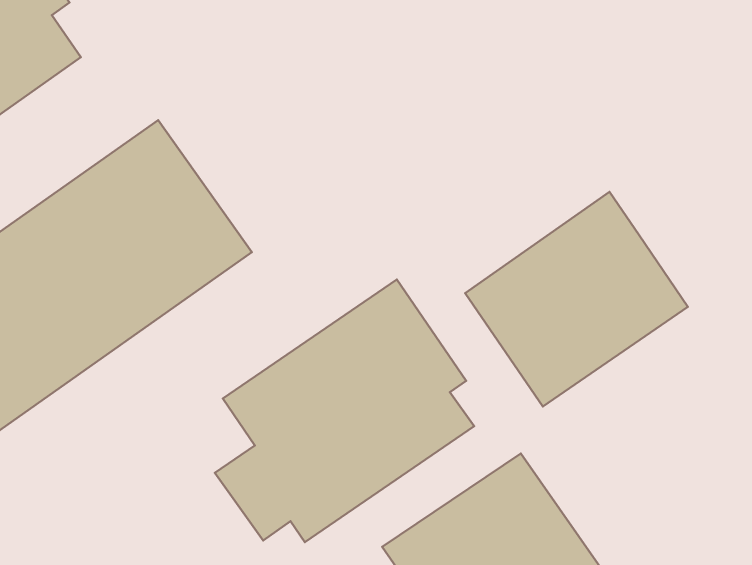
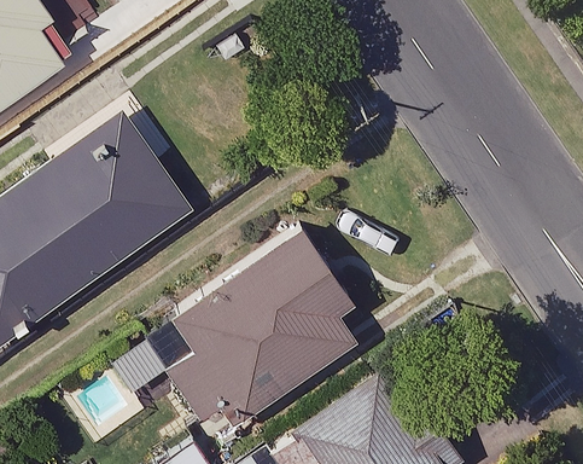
building: [465,192,688,407] -> none

